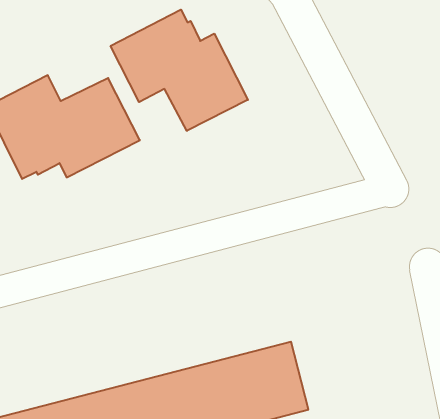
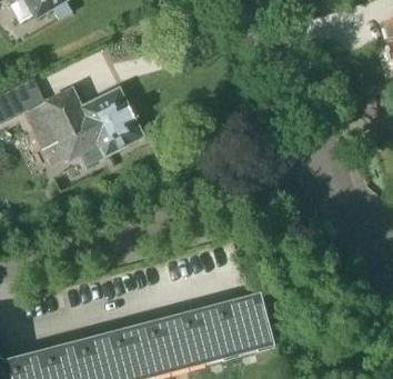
building: [111,10,248,131] -> none

